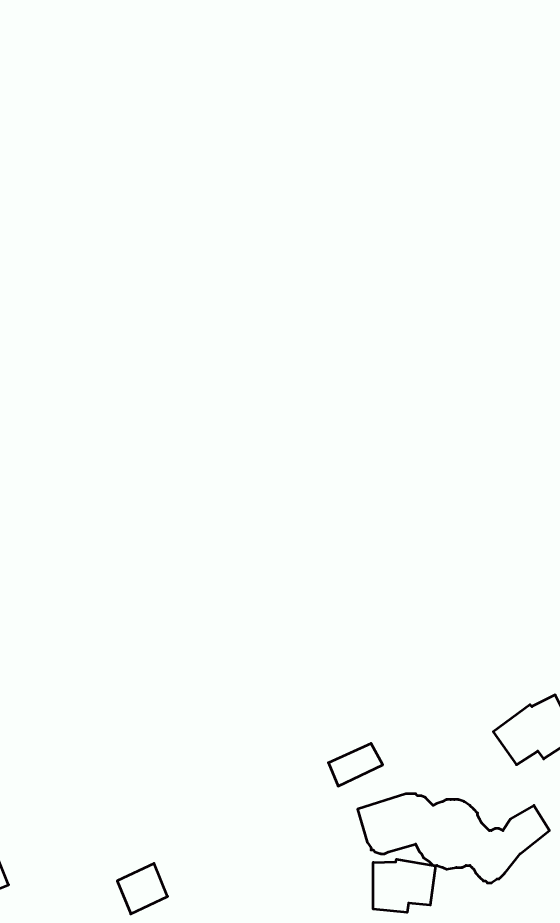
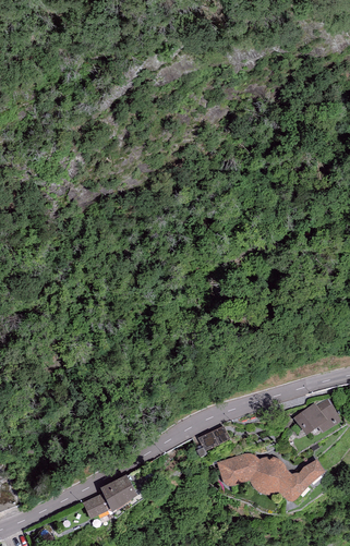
building: none -> [99,475,137,513]
building: [373,859,436,912] -> none

